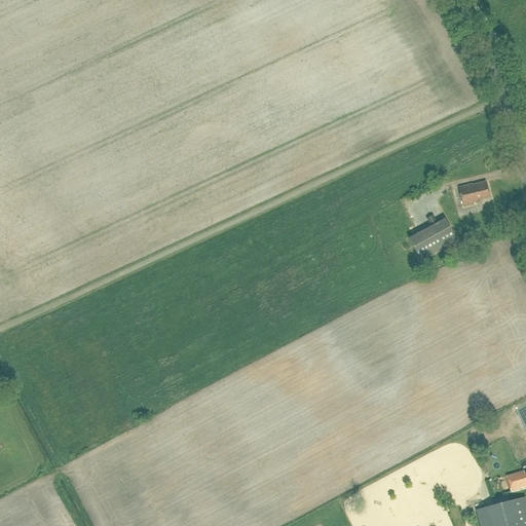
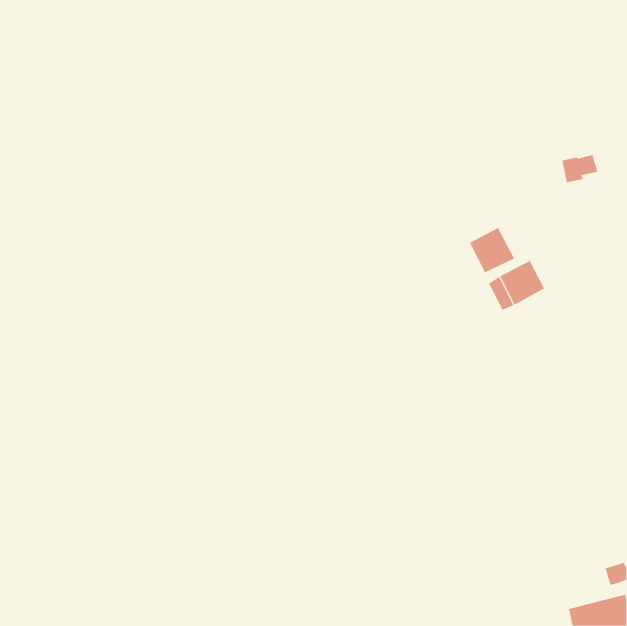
building: [459,182,490,205] -> [561,155,598,183]
building: none -> [469,227,515,273]

